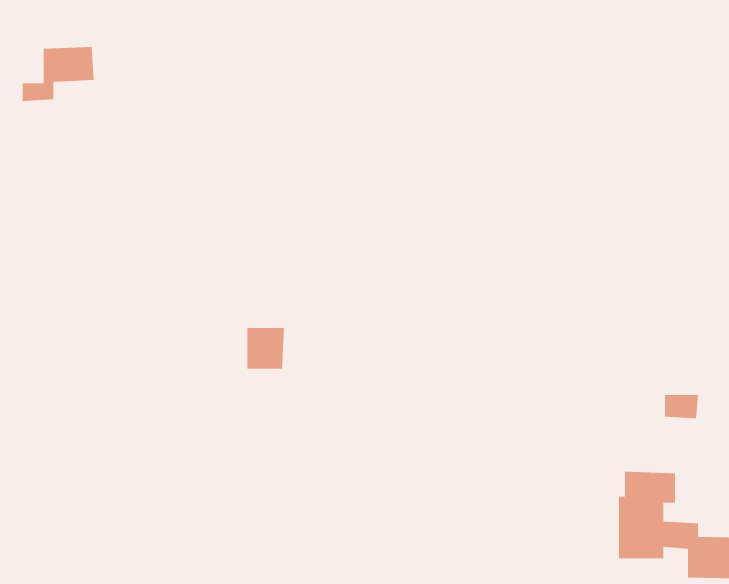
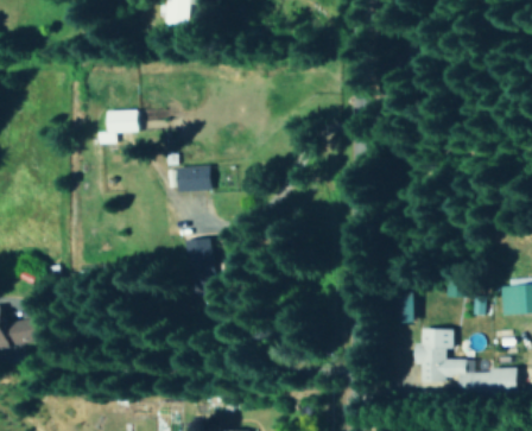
building: [22,46,94,102] -> [95,109,140,144]
building: none -> [177,165,211,191]

